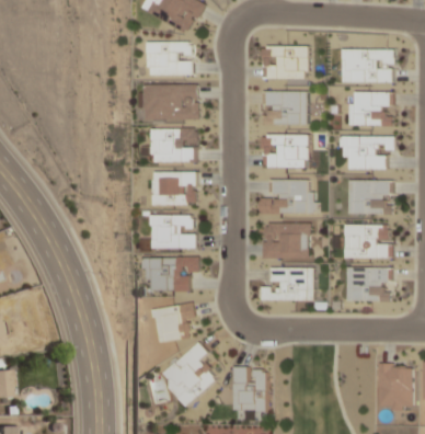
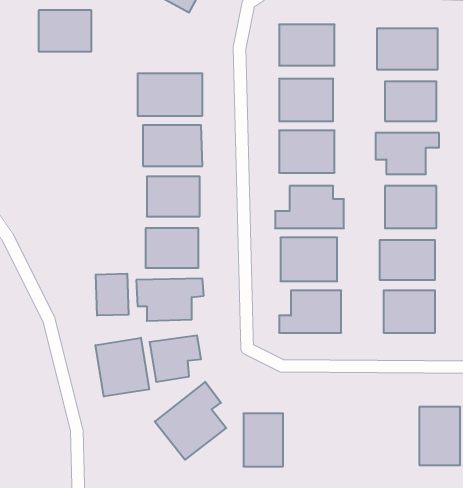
building: [148,42,192,76] -> [39,10,91,51]
building: none -> [96,274,128,316]
building: none -> [96,338,149,397]

